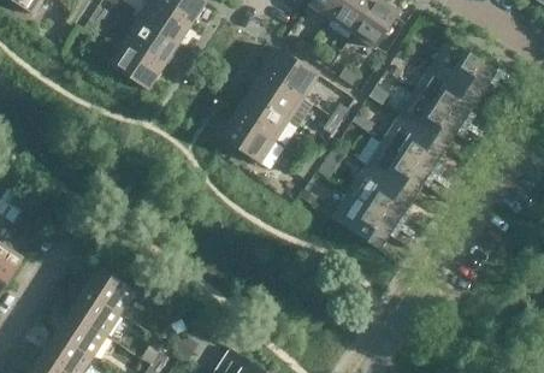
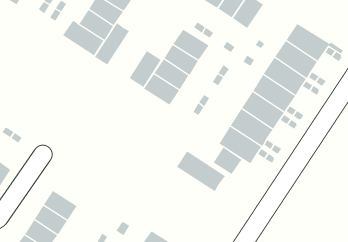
building: none -> [94,22,130,66]
building: none -> [129,50,162,88]
building: none -> [213,147,242,175]
building: none -> [176,150,226,192]
building: [84,260,136,313] -> none

